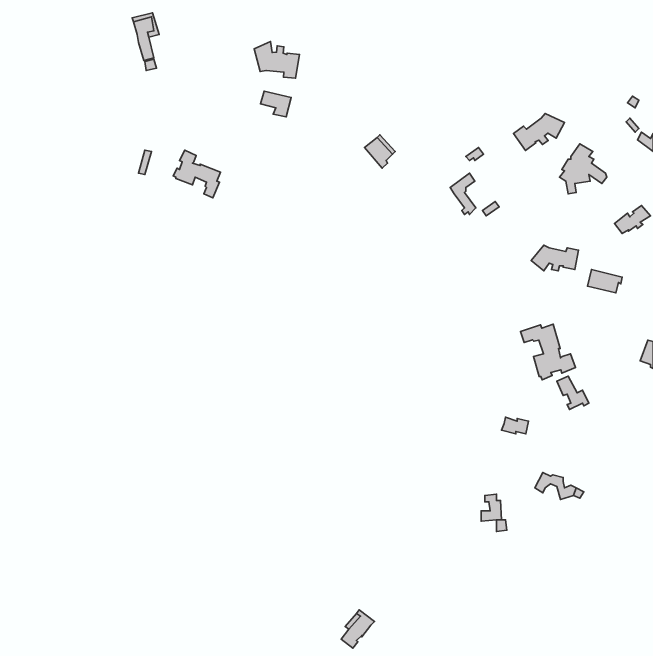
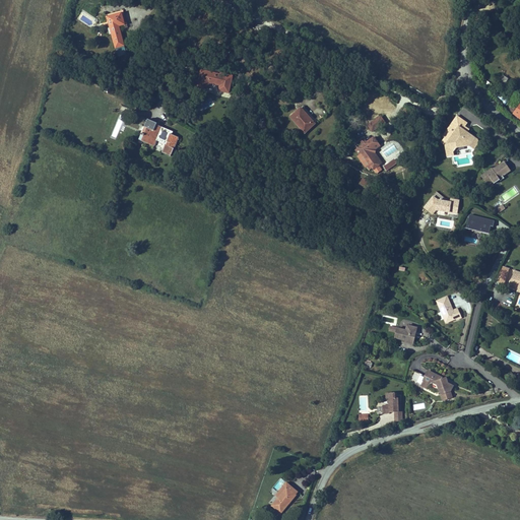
building: [254,42,299,78] -> none
building: [513,113,564,151] -> none
building: [521,324,575,380] -> none

